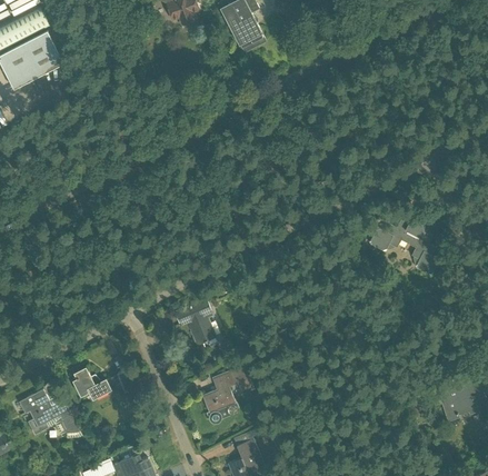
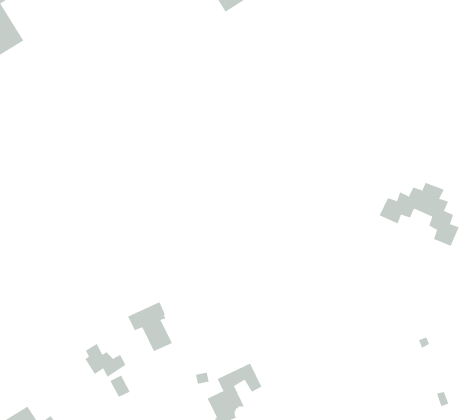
building: [176,299,215,344] -> [127,302,173,352]
building: [73,368,110,399] -> [85,343,126,377]

